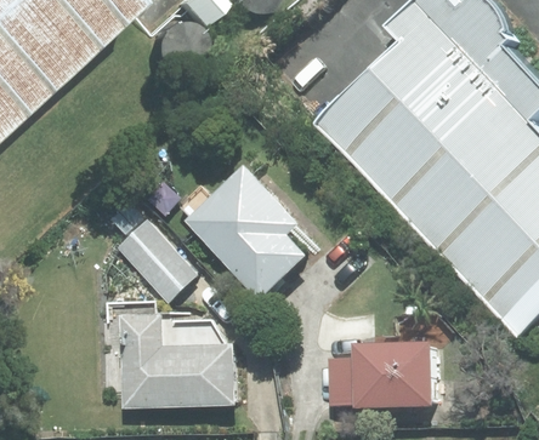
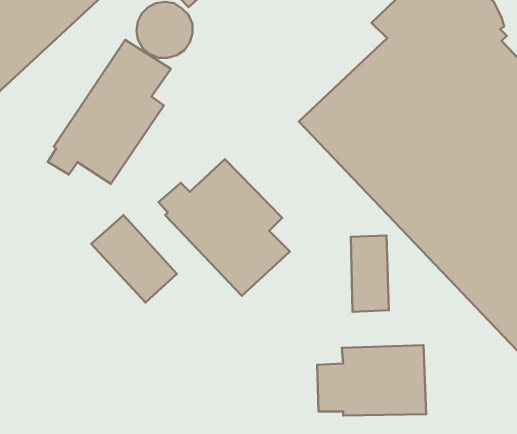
building: none -> [48,40,171,184]
building: none -> [351,236,389,312]
building: [108,301,236,406] -> none

